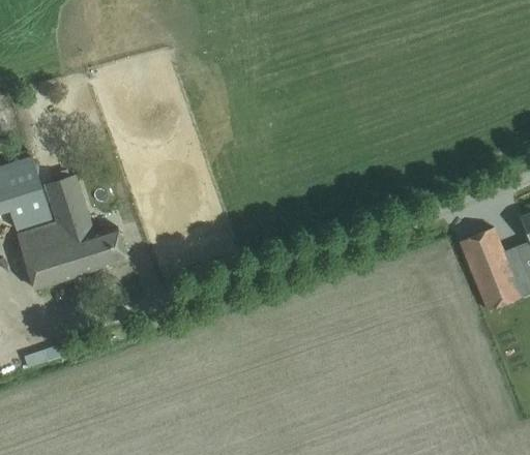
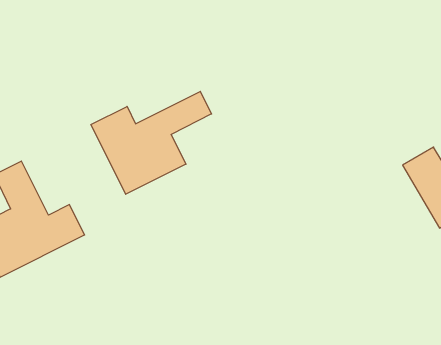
building: none -> [91,91,212,194]

